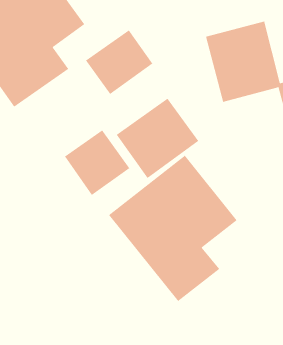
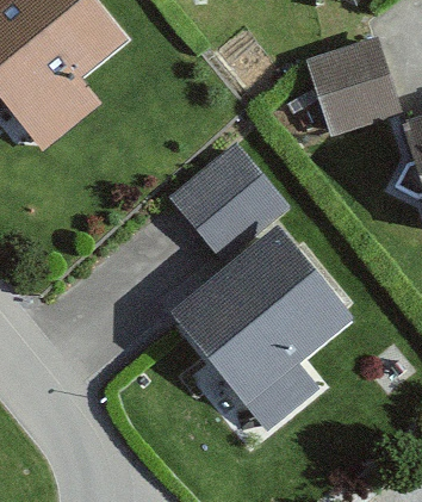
building: [85,29,153,95] -> none
building: [64,129,130,196] -> none

